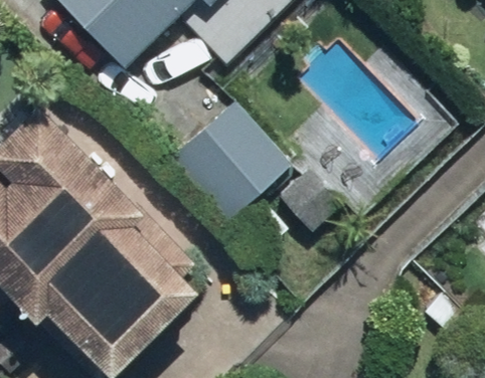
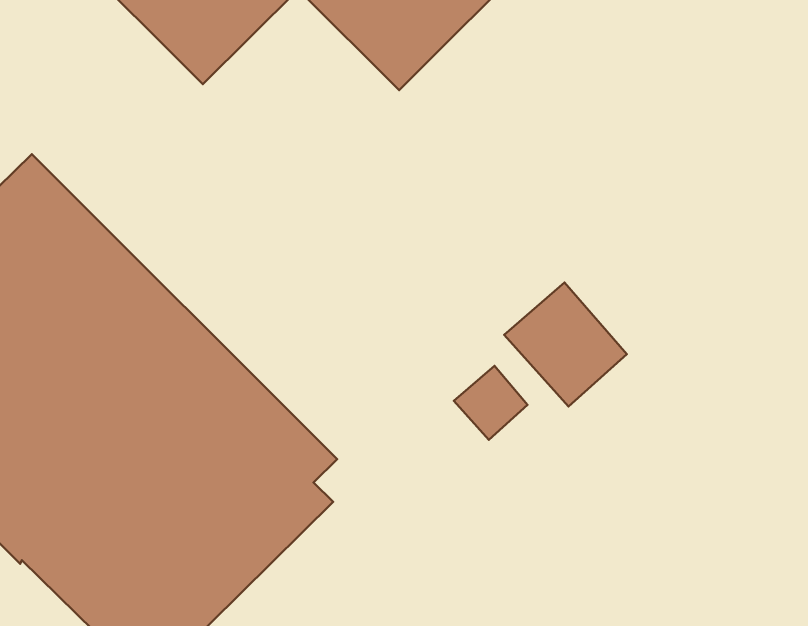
building: [176,103,293,218] -> none

